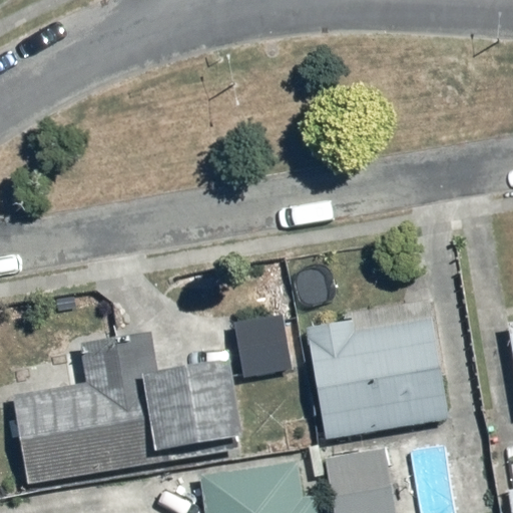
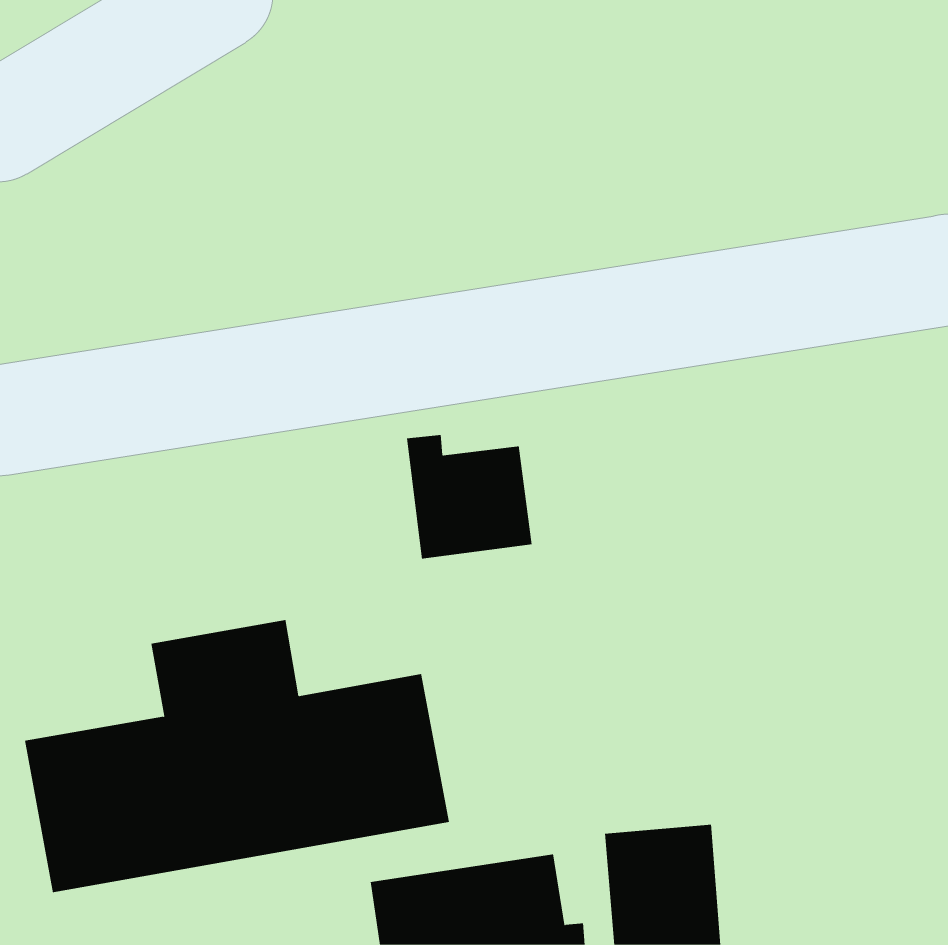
building: [228,314,297,381] -> [406,435,533,559]
building: [307,317,448,440] -> none

